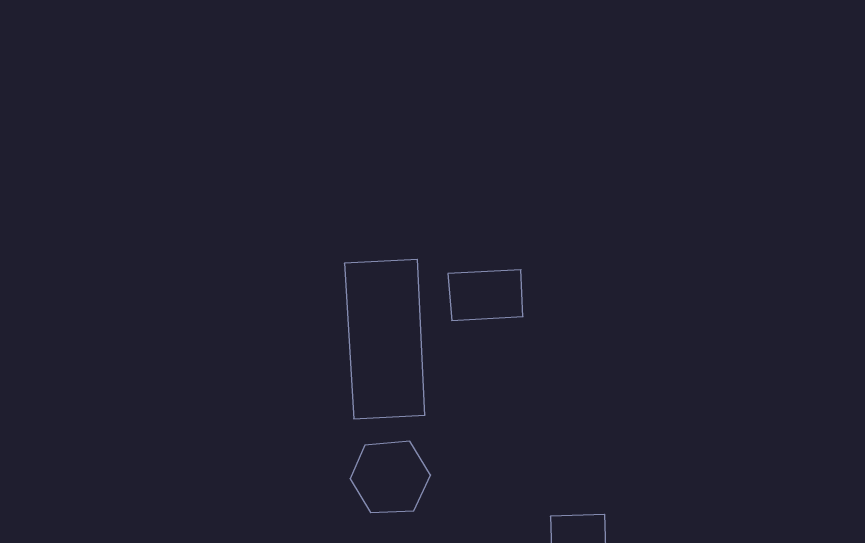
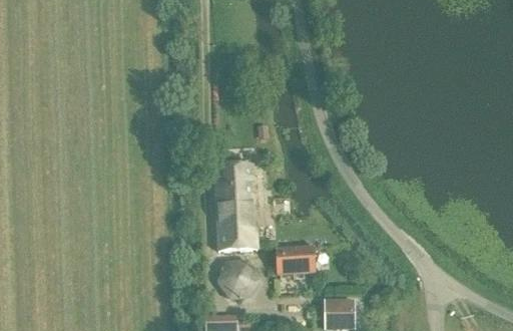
building: [448,270,523,320] -> [275,246,315,273]

